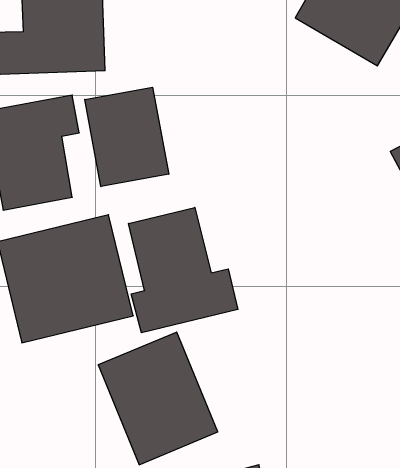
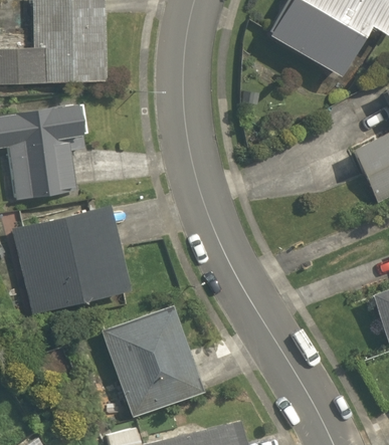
building: [85,87,169,187] -> none
building: [129,207,238,333] -> none

